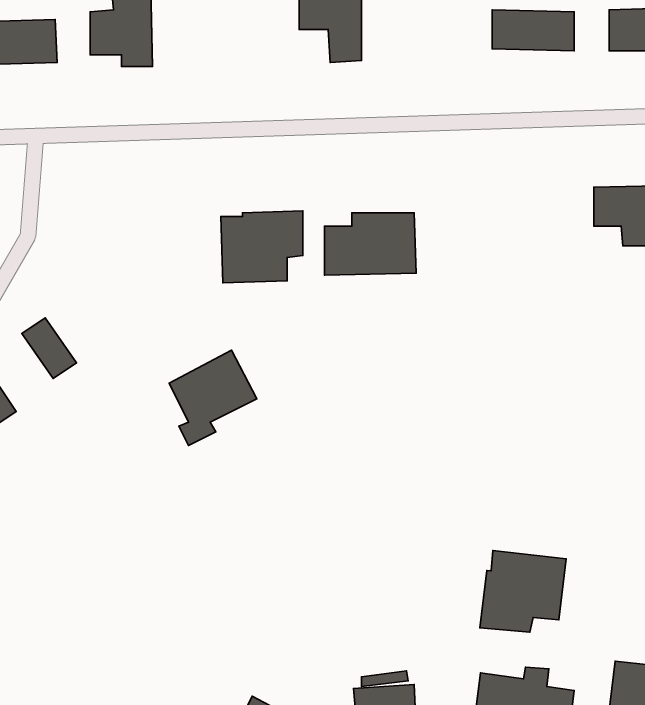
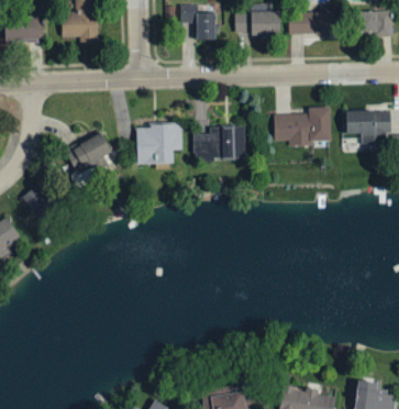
building: none -> [235,11,280,40]
building: none -> [275,107,331,146]
building: [169,350,257,446] -> [66,133,115,187]
building: [480,550,566,632] -> none

